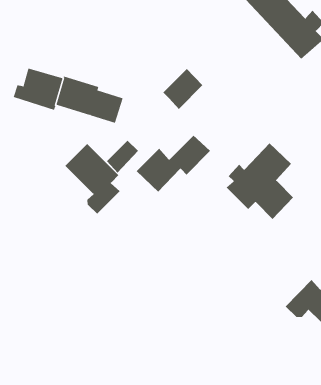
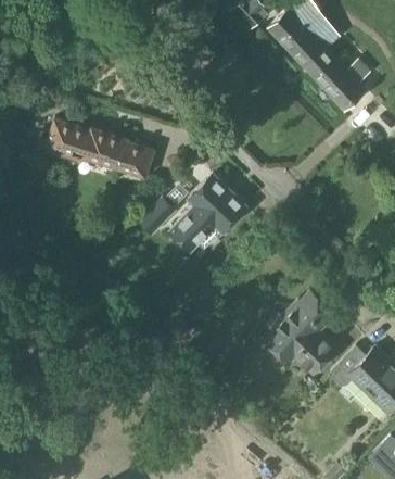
building: [162,68,203,110] -> [187,173,230,217]
building: [226,143,294,220] -> [264,291,336,374]
building: [65,143,120,214] -> none

